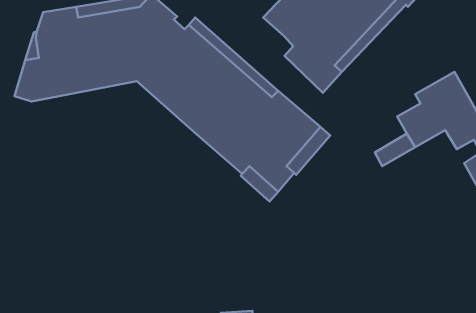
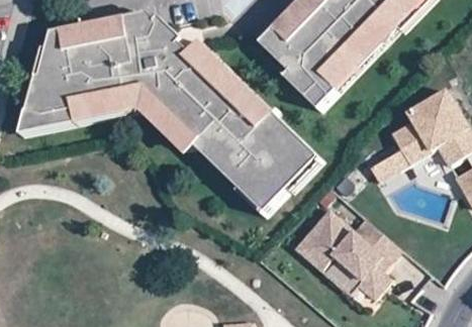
building: none -> [17,100,195,151]
building: none -> [293,210,398,300]

